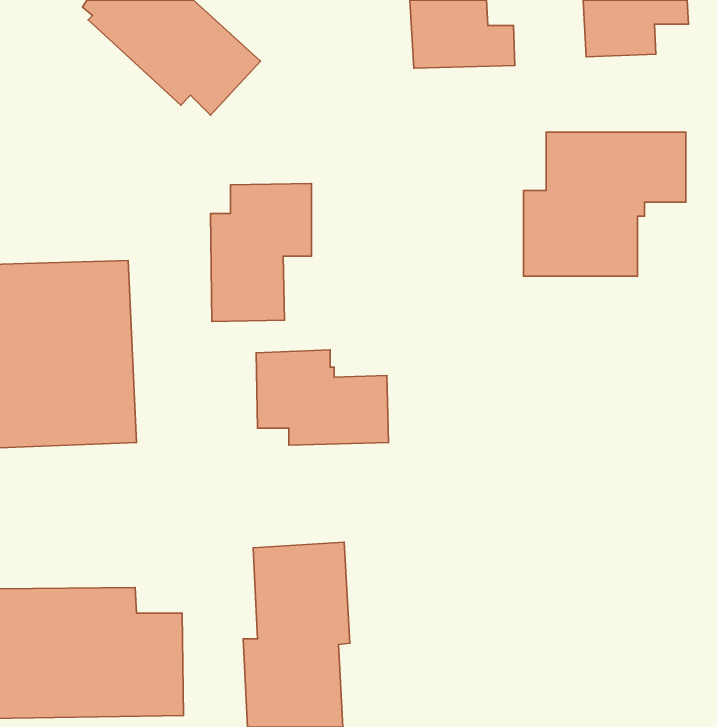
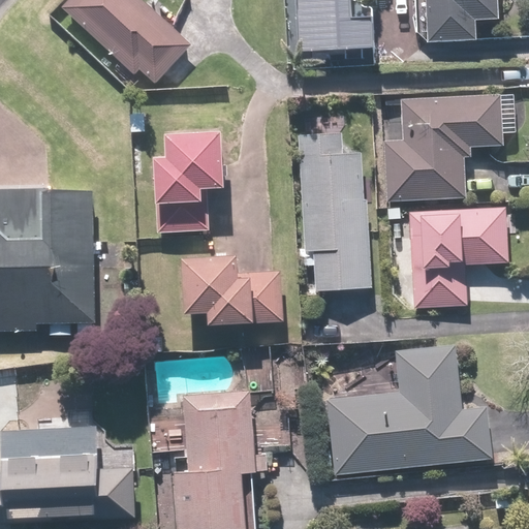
building: none -> [298,120,368,289]
building: none -> [407,208,506,308]
building: none -> [324,343,491,474]

